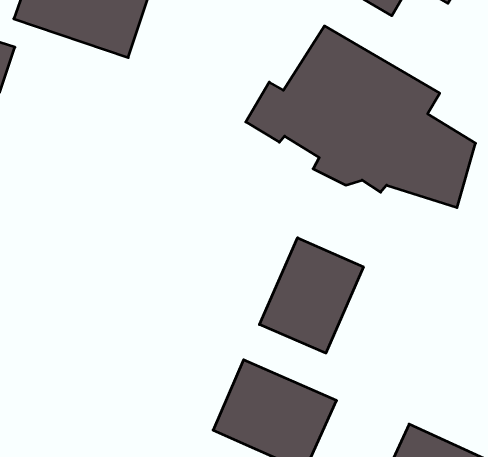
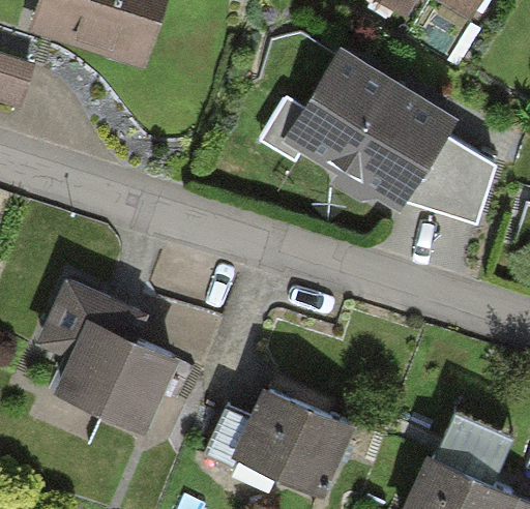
building: [259,238,363,353] -> none
building: none -> [37,276,179,435]

